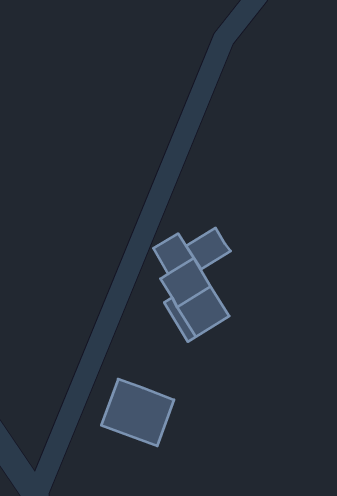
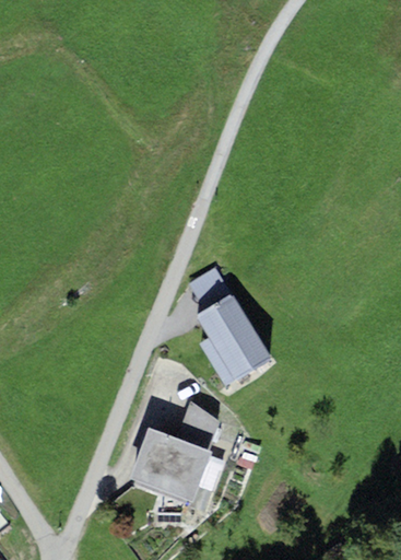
building: [186,228,231,269] -> none
building: none -> [176,402,221,452]

